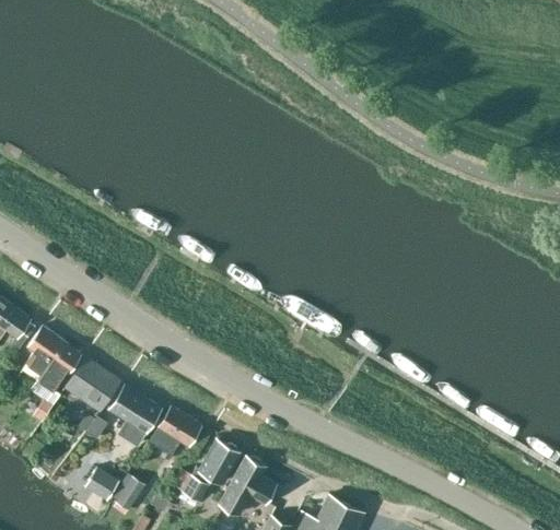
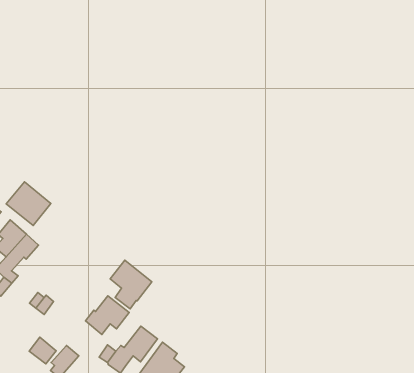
building: [66,358,120,411] -> [6,182,51,225]
building: [110,386,162,445] -> [110,260,152,309]

